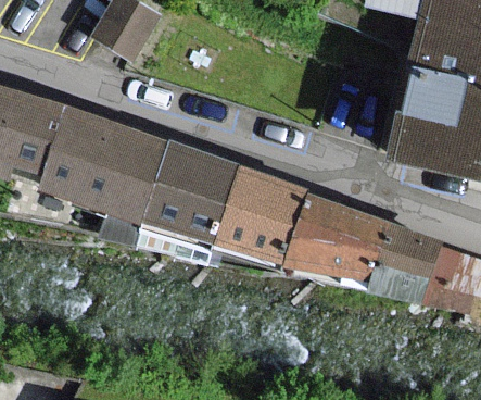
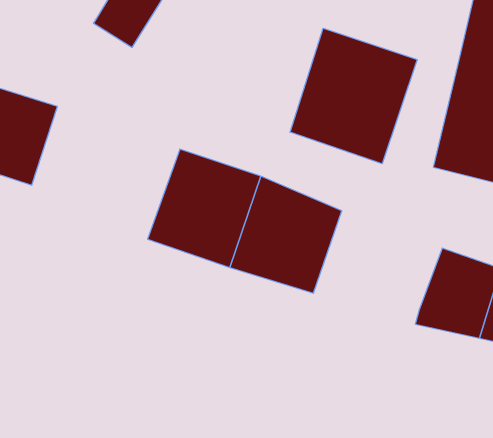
building: none -> [290,28,417,164]
building: [42,107,172,218] -> none
building: [284,195,393,278] -> none

